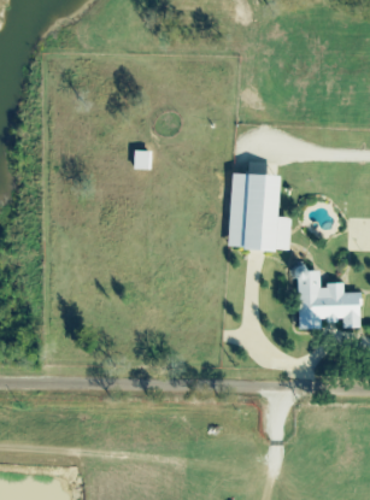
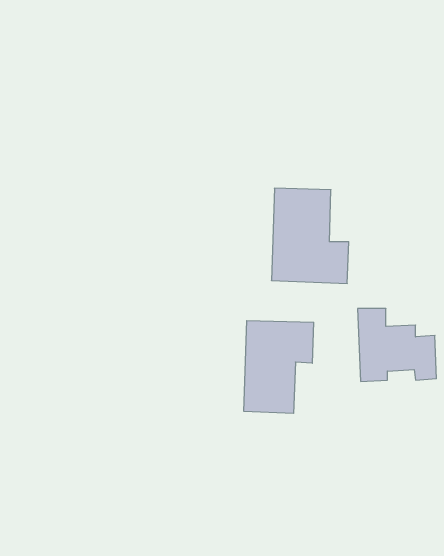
building: none -> [244,321,314,413]

